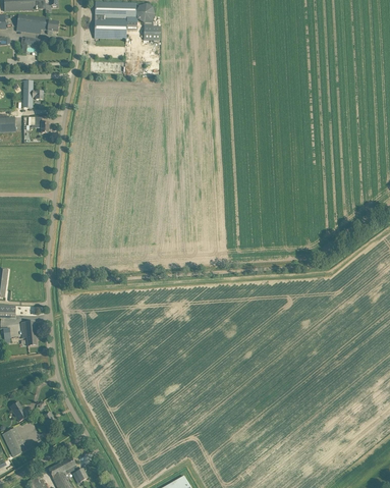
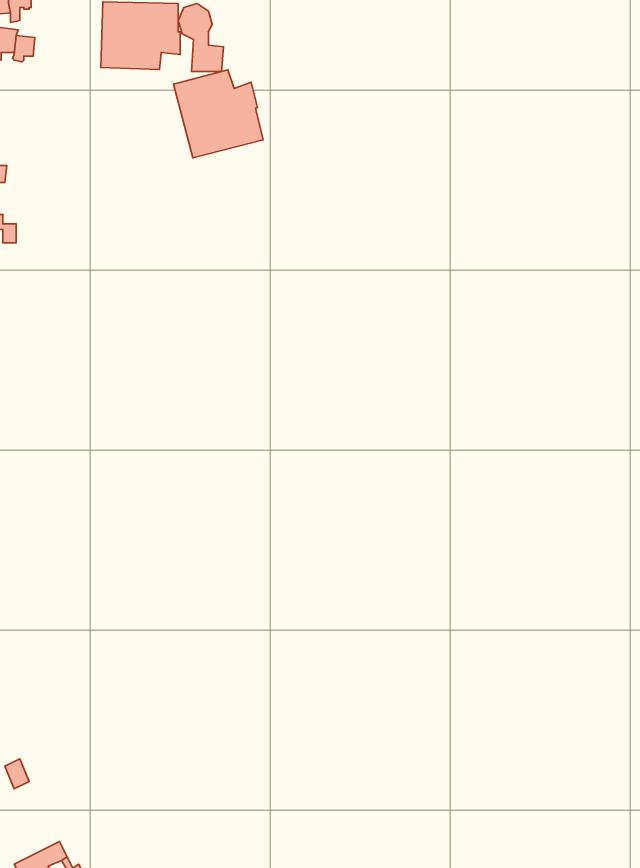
building: none -> [173,70,263,158]

